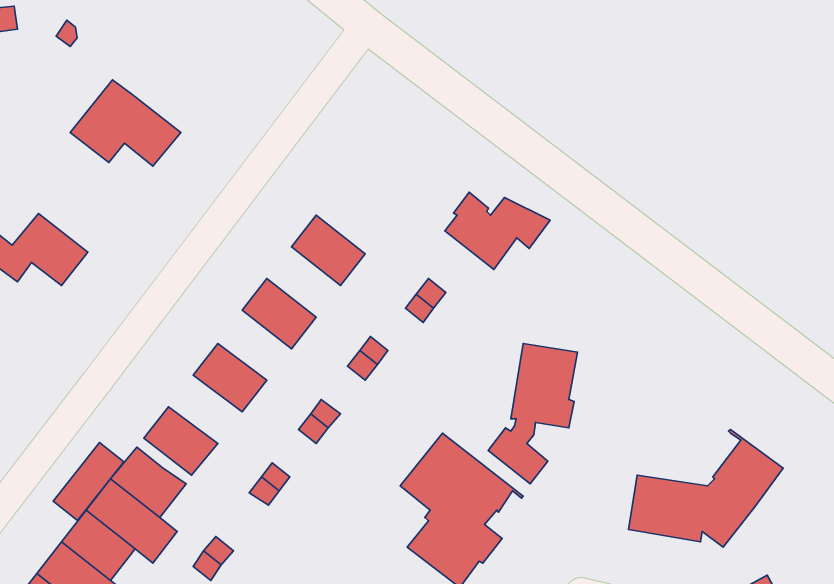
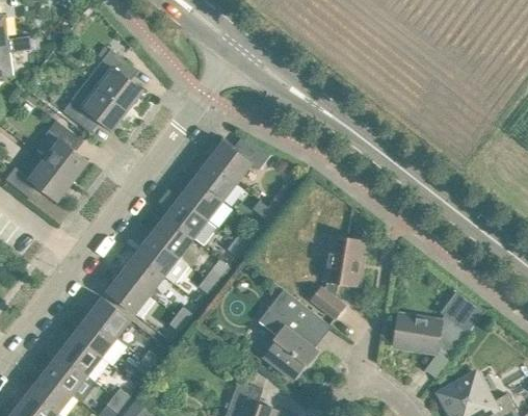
building: none -> [86,50,142,111]
building: none -> [43,121,87,182]
building: [445,192,550,270] -> [207,137,269,183]
building: none -> [178,179,221,220]
building: none -> [149,216,192,258]
building: none -> [120,255,163,295]
building: [53,442,124,521] -> none

